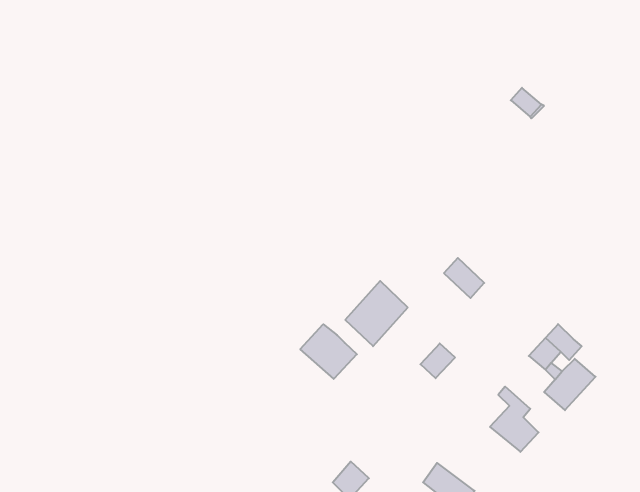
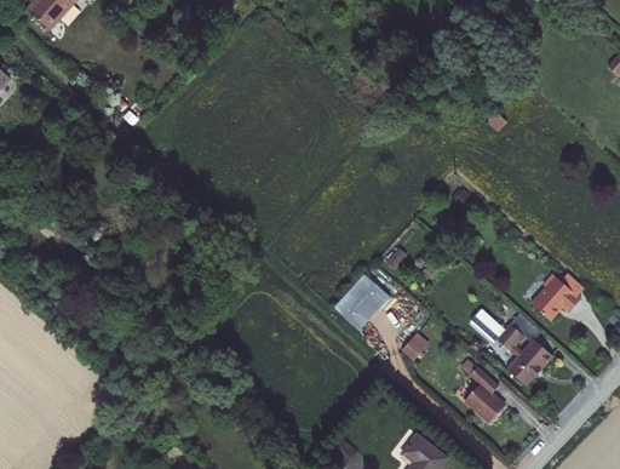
building: [444,258,484,298] -> [470,308,505,343]
building: none -> [529,273,585,322]
building: [300,324,357,379] -> none

